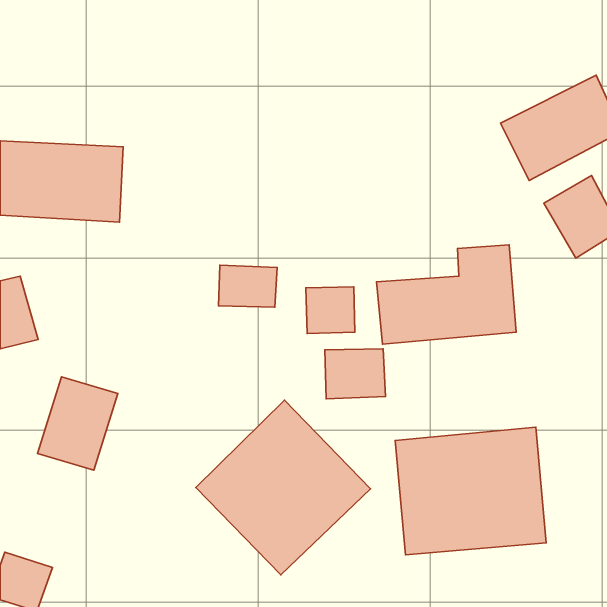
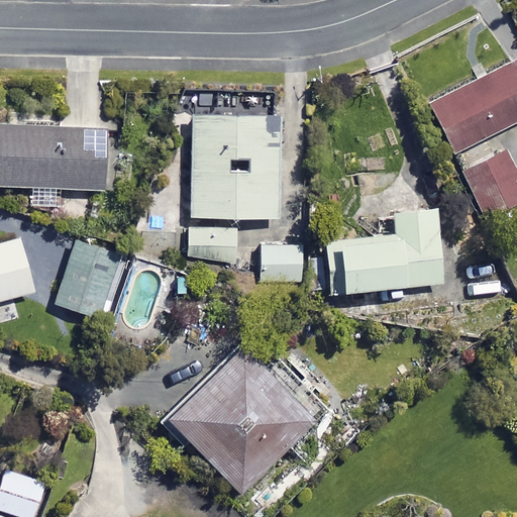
building: none -> [191,117,277,219]
building: [325,349,385,399] -> none
building: [38,377,118,470] -> [57,239,124,318]
building: [395,427,546,555] -> none

